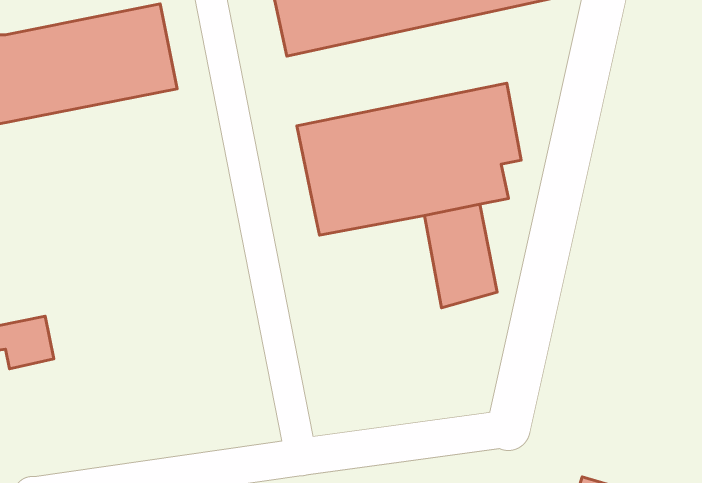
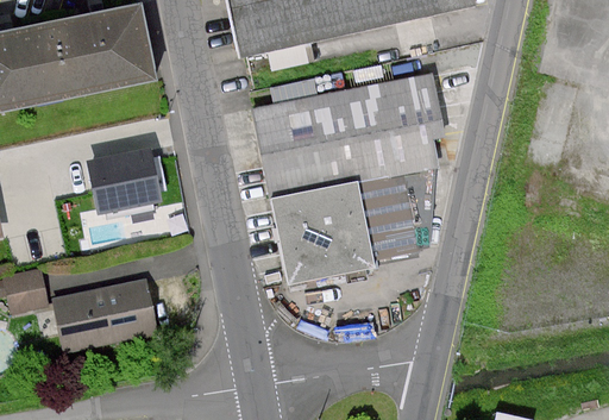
building: none -> [92,153,159,208]
building: none -> [271,183,375,283]
building: none -> [55,281,157,350]

